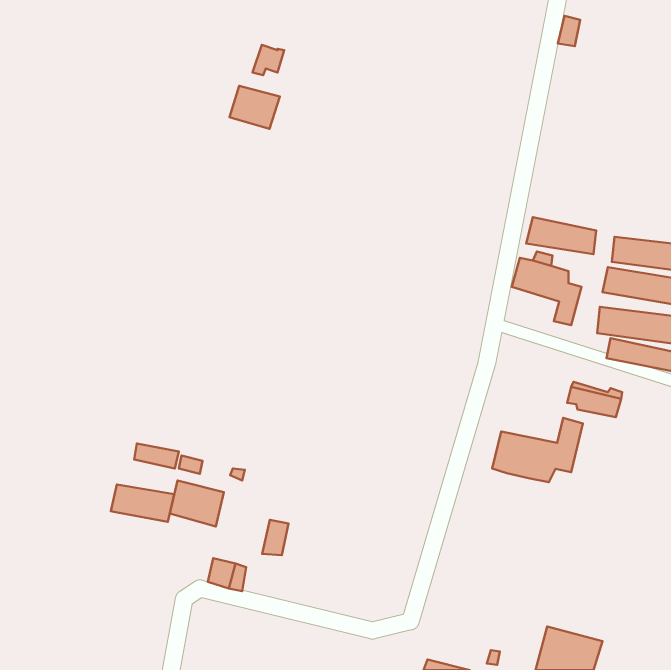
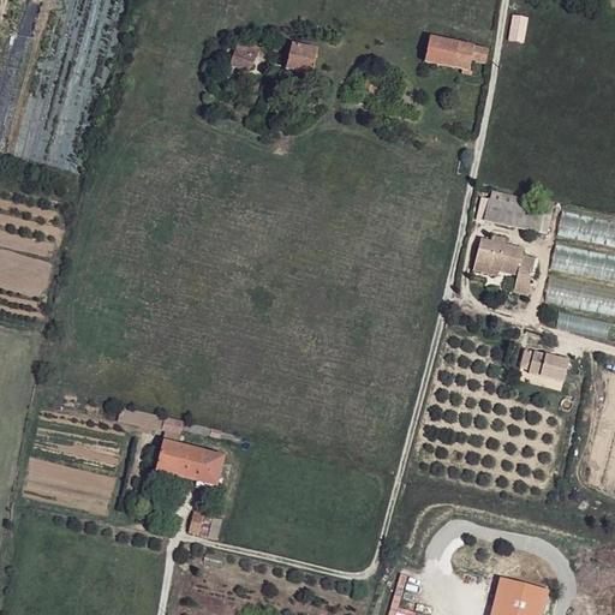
building: none -> [428,37,491,74]
building: none -> [288,44,317,73]
building: [229,86,280,129] -> none
building: [492,418,583,482] -> none
building: [111,484,174,522] -> none
building: [262,520,288,555] -> [198,449,222,482]

